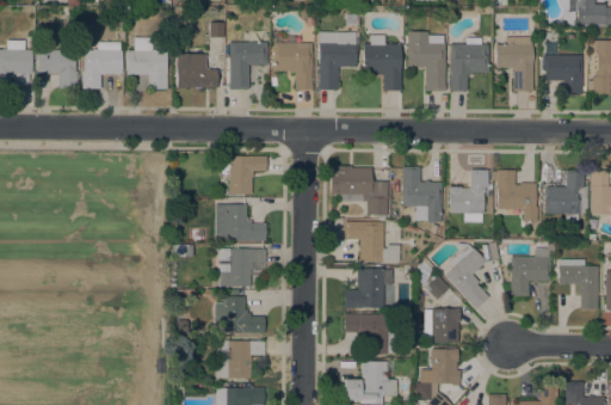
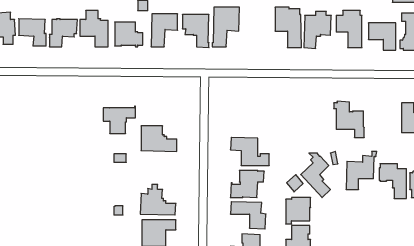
building: [363,43,402,91] -> none
building: [220,154,266,194] -> [103,106,135,133]
building: [331,166,388,215] -> none
building: [402,167,442,222] -> none
building: [448,170,488,222] -> none
building: [545,170,587,214] -> none
building: [220,248,266,287] -> none

